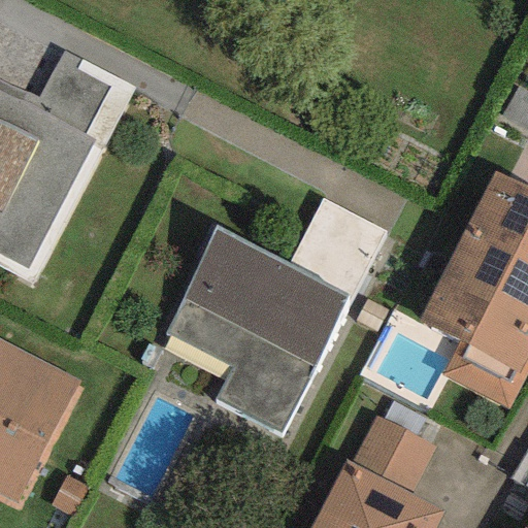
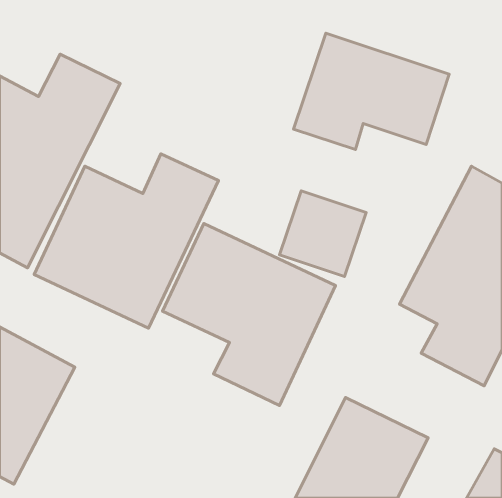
building: none -> [293,33,449,149]
building: none -> [34,154,218,328]

